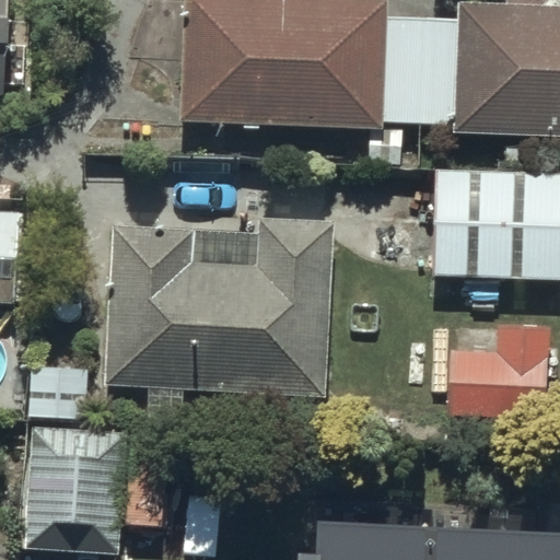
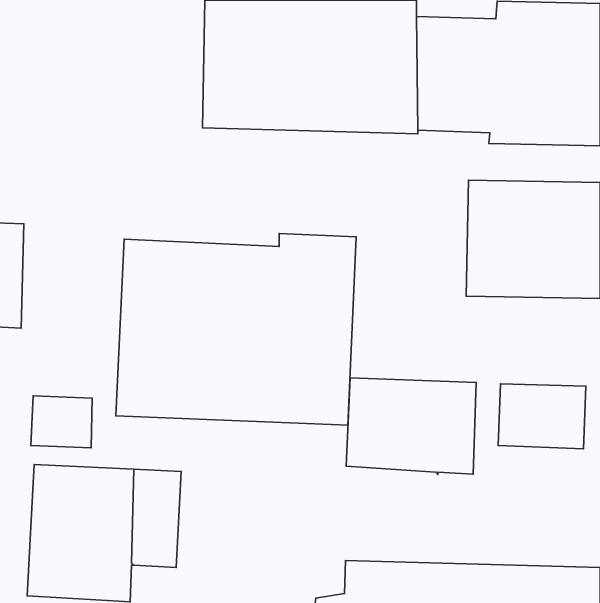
building: none -> [346,378,476,474]

